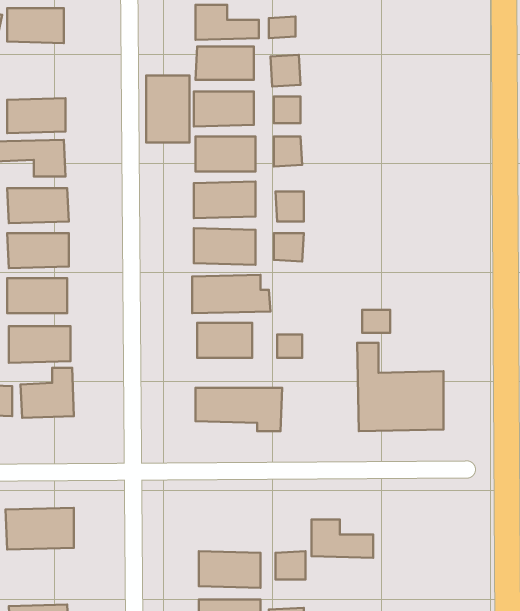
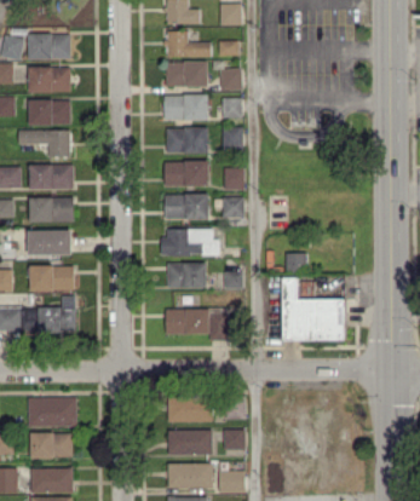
building: none -> [28,67,70,93]
building: [146,75,189,142] -> none
building: [311,519,373,558] -> [167,396,212,424]
building: none -> [29,432,71,459]

